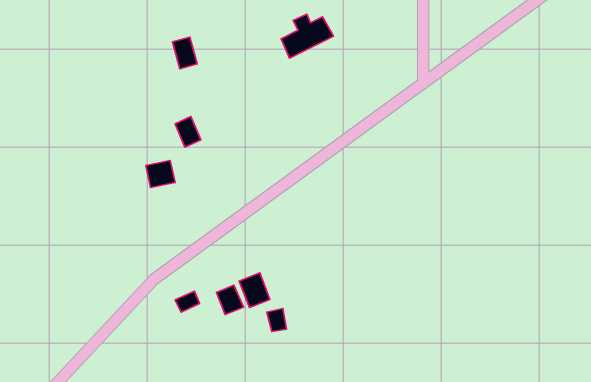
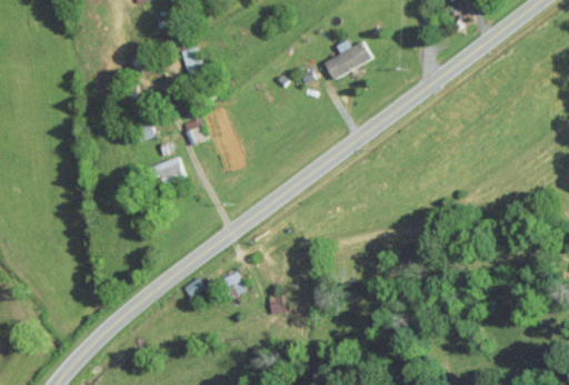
building: [281,14,334,58] -> [326,39,373,79]
building: [239,273,270,308] -> none

